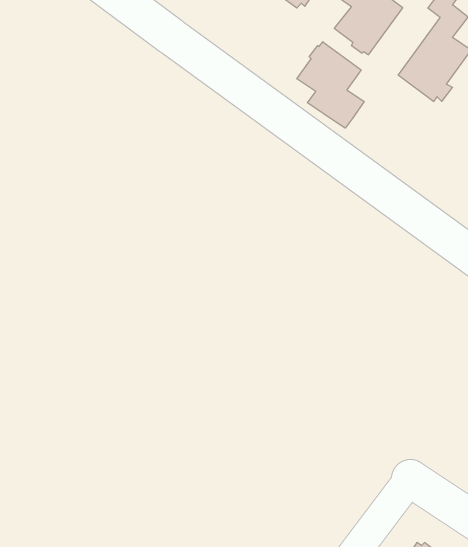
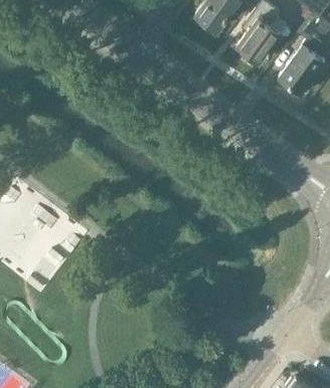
building: [297,42,364,128] -> none

